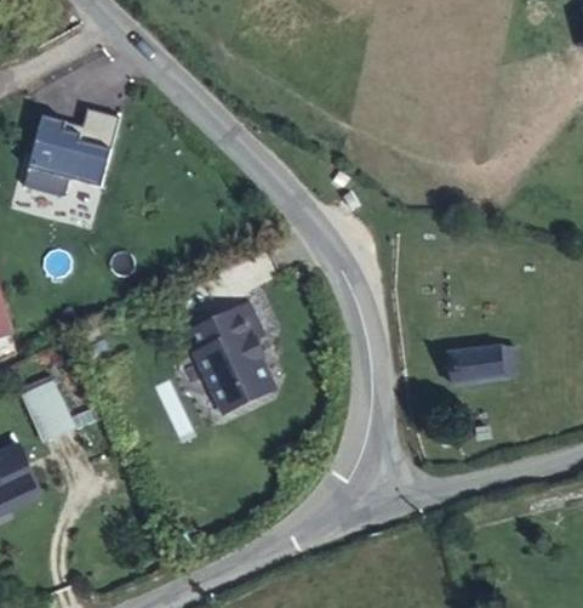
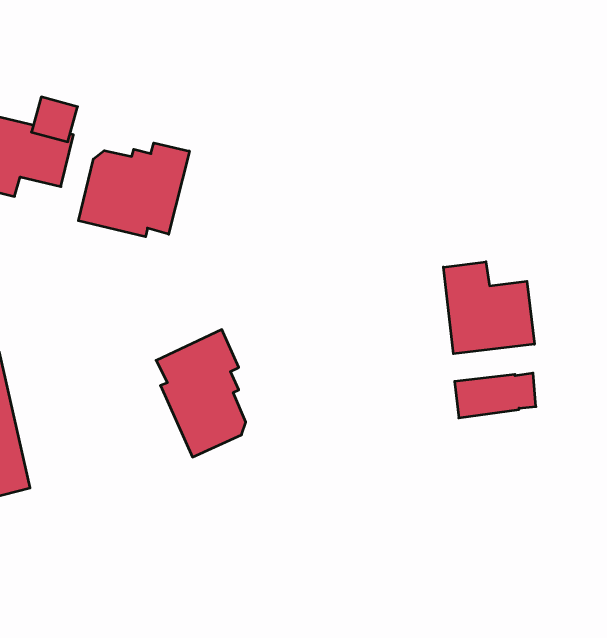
building: none -> [78,143,189,237]
building: none -> [443,262,534,354]

